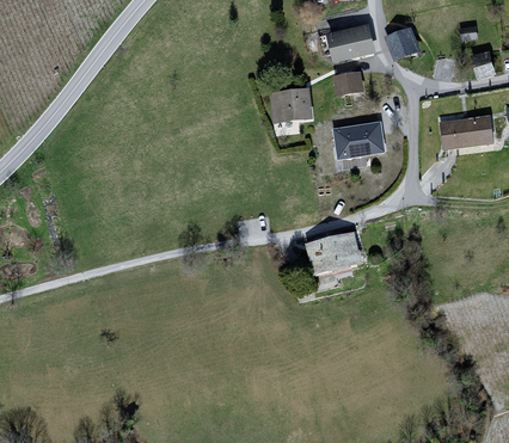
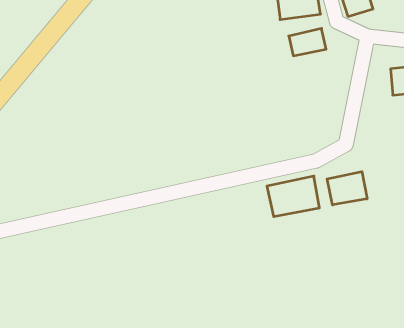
building: [271,91,312,127] -> none
building: [329,122,378,159] -> none
building: none -> [327,172,367,205]

